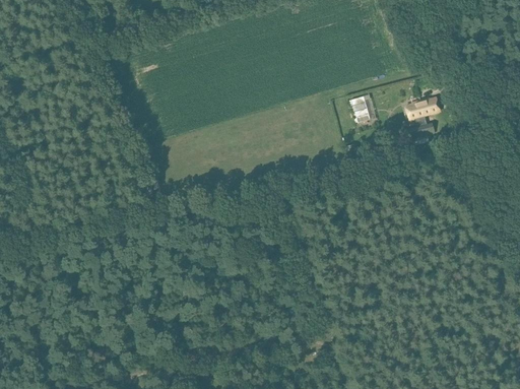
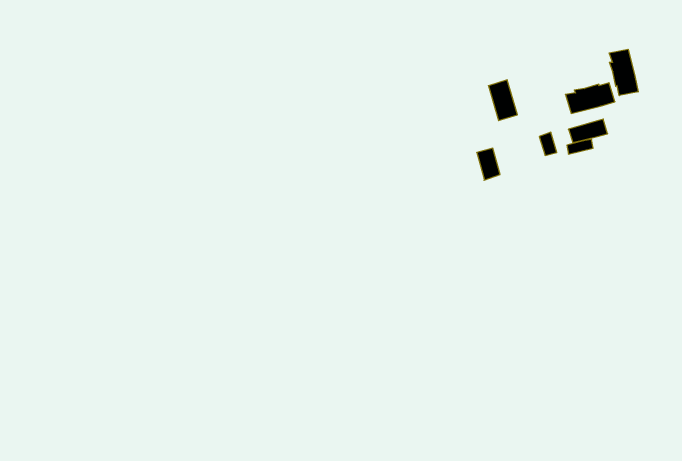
building: none -> [609,49,638,96]

